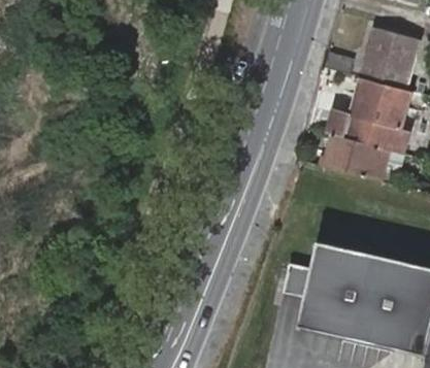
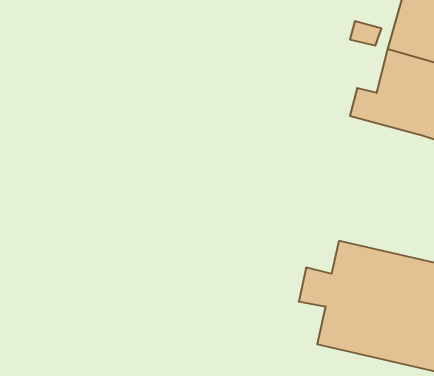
building: [324,134,390,181] -> none

